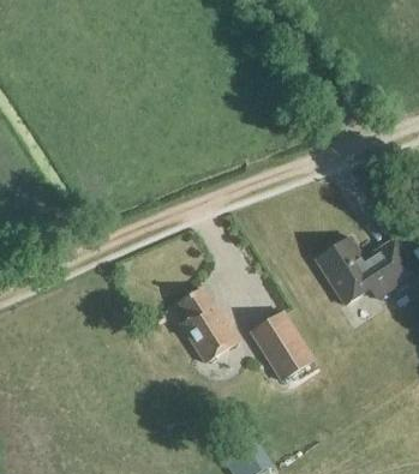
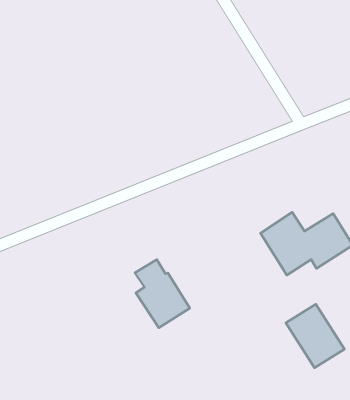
building: [250,311,313,380] -> [286,304,344,368]

